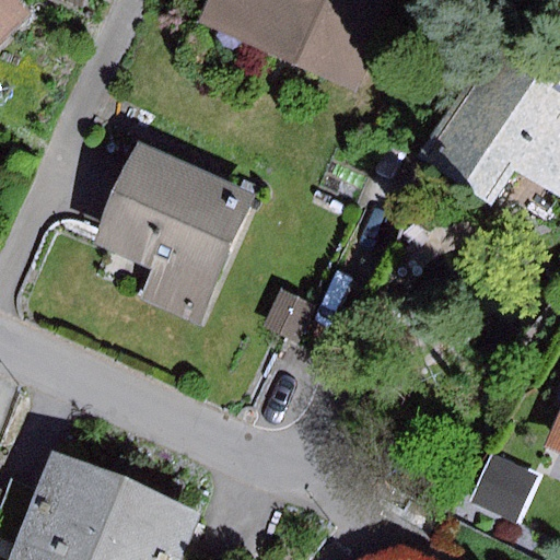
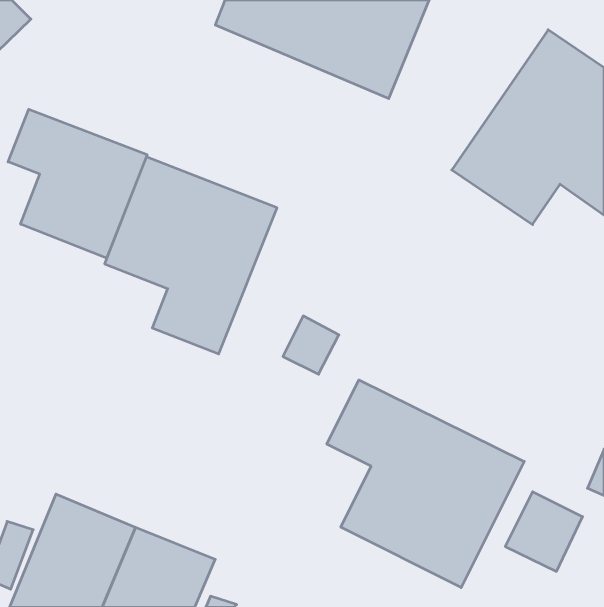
building: none -> [8,109,147,258]
building: none -> [327,380,524,588]

